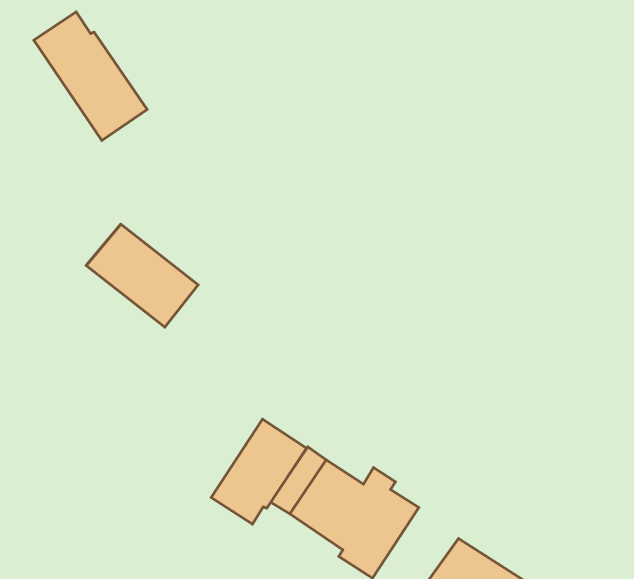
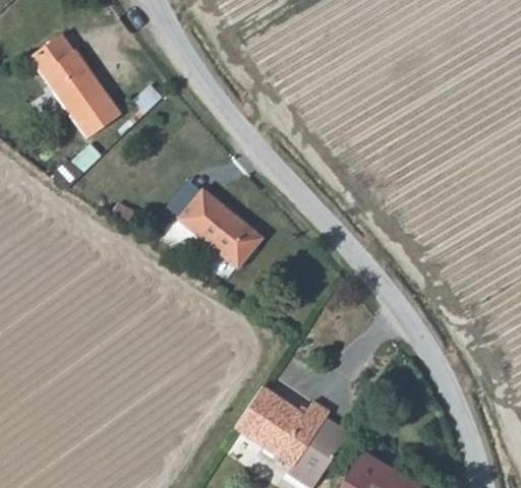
building: [86,224,198,327] -> [177,190,266,271]
building: [211,419,306,524] -> none

